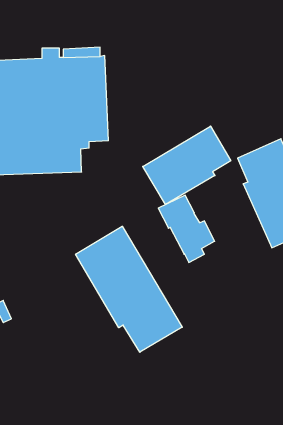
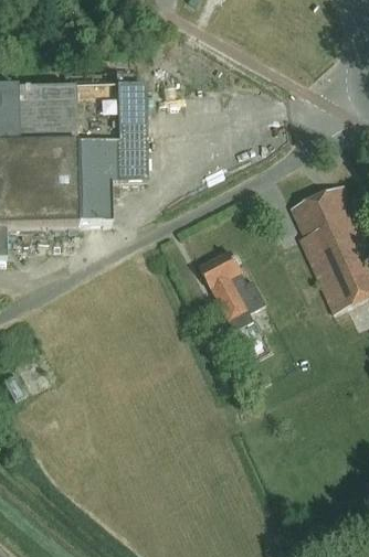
building: [143,126,231,205] -> none
building: [76,226,182,352] -> none

